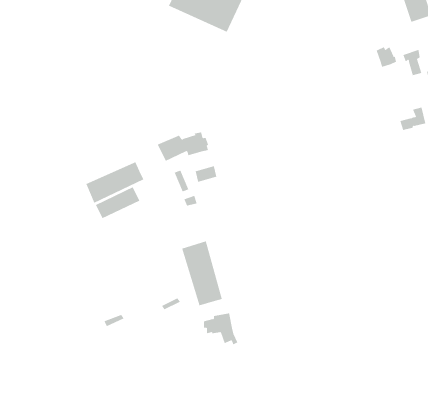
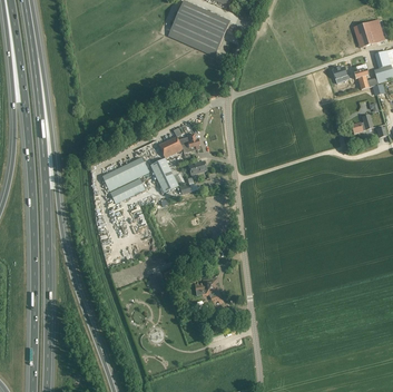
building: none -> [150,158,177,193]
building: [182,241,223,306] -> none

